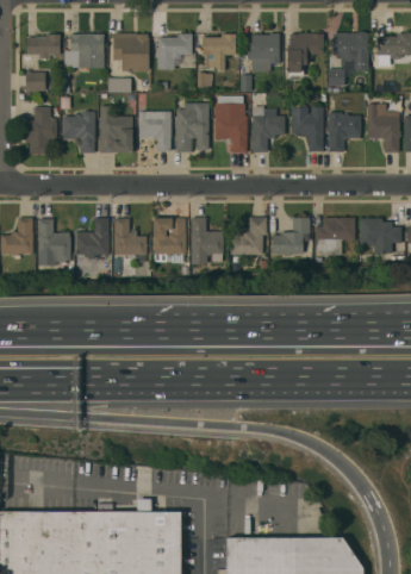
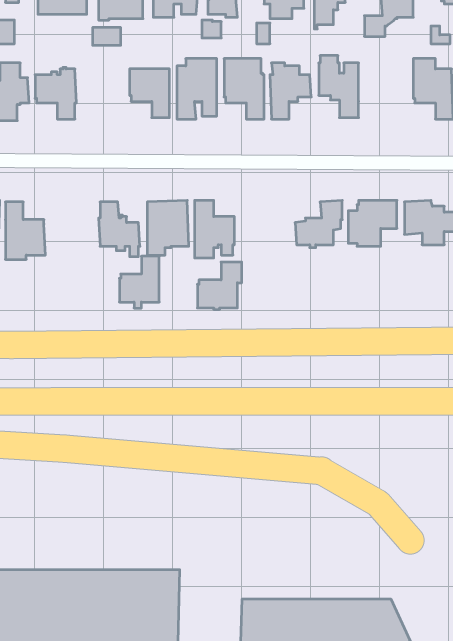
building: [100,105,132,152] -> none
building: [328,112,361,151] -> none
building: [76,217,108,258] -> [119,256,159,308]
building: [230,217,266,255] -> [197,262,242,309]

